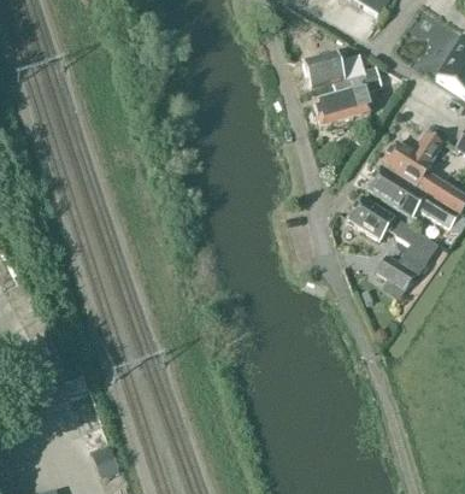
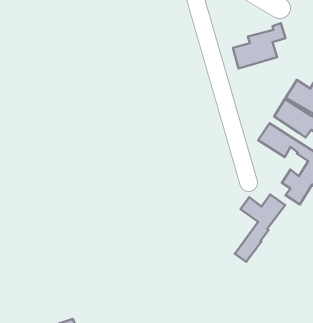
building: [302,49,363,89] -> none
building: none -> [235,194,285,262]

